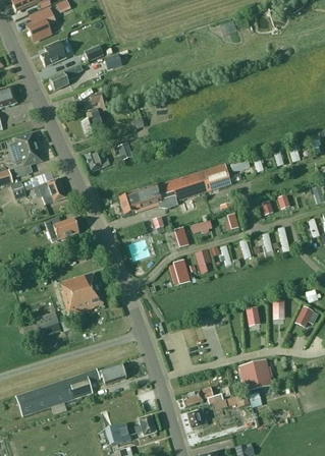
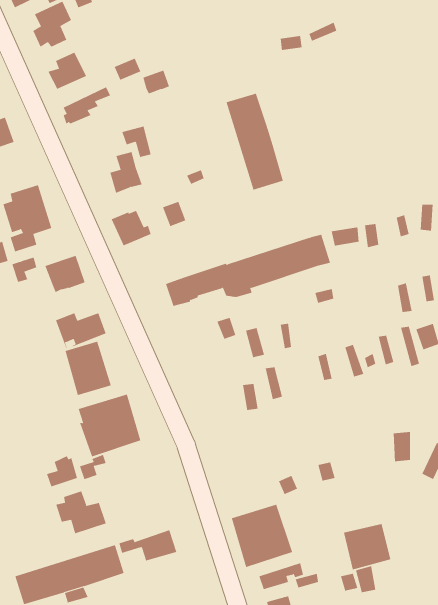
building: none -> [226,93,284,191]
building: none -> [65,341,112,396]
building: none -> [55,490,106,534]
building: none -> [231,504,293,568]

